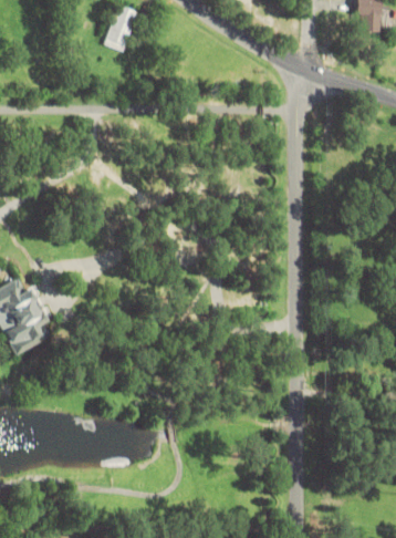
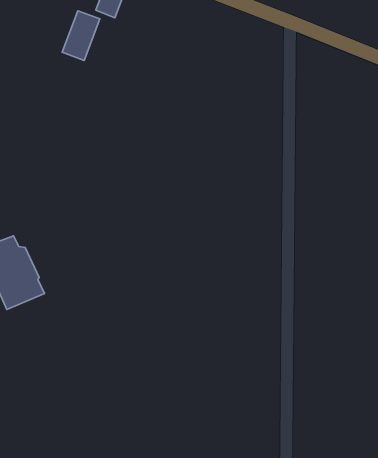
building: none -> [62,11,100,60]

